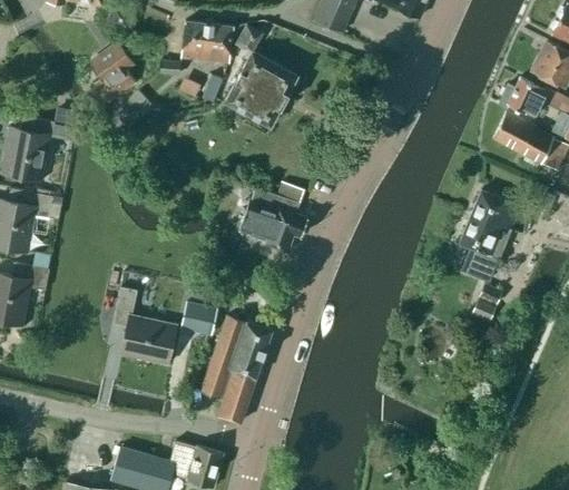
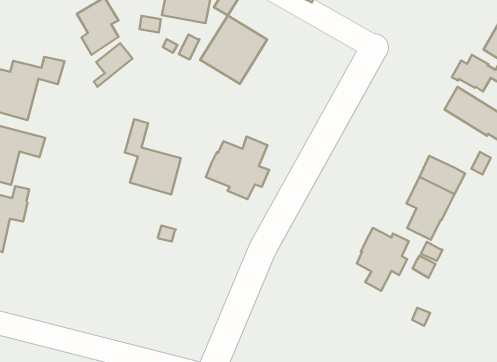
building: none -> [357,228,409,291]
building: [112,287,174,366] -> [125,119,181,195]
building: [179,302,216,335] -> none
building: [200,315,272,423] -> none

